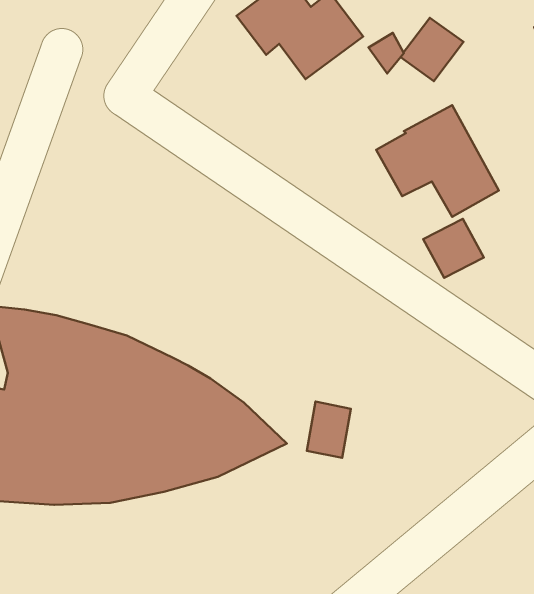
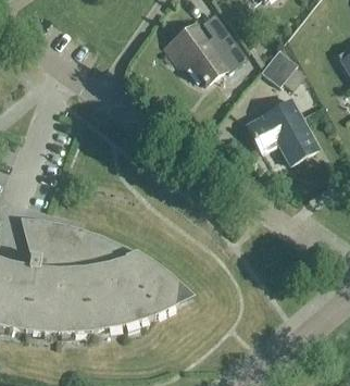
building: [423,219,484,278] -> none
building: [307,402,351,458] -> none

